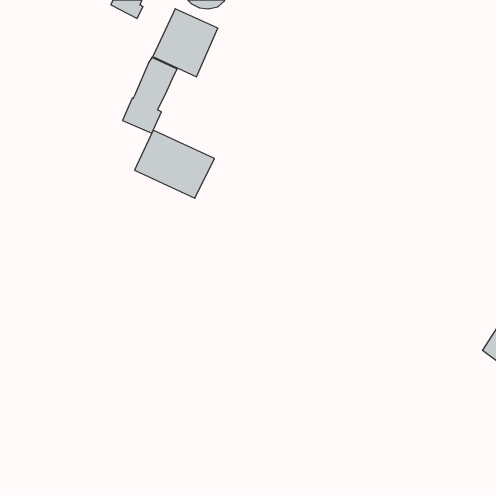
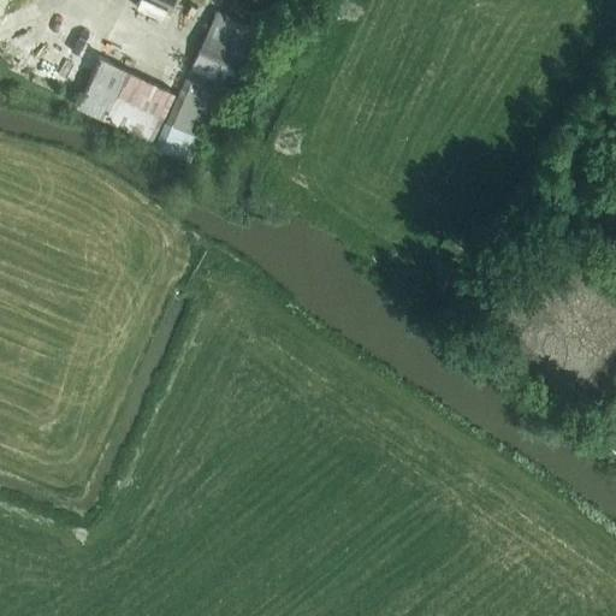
building: [135,130,214,198] -> [77,59,176,143]

